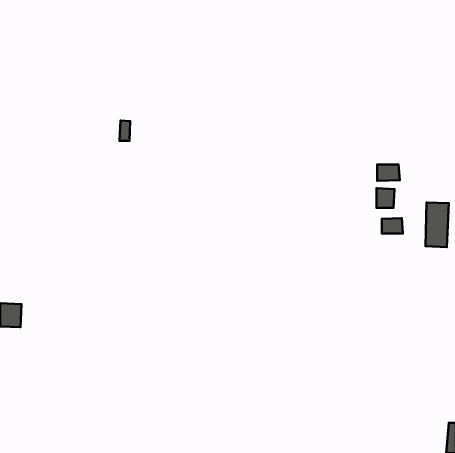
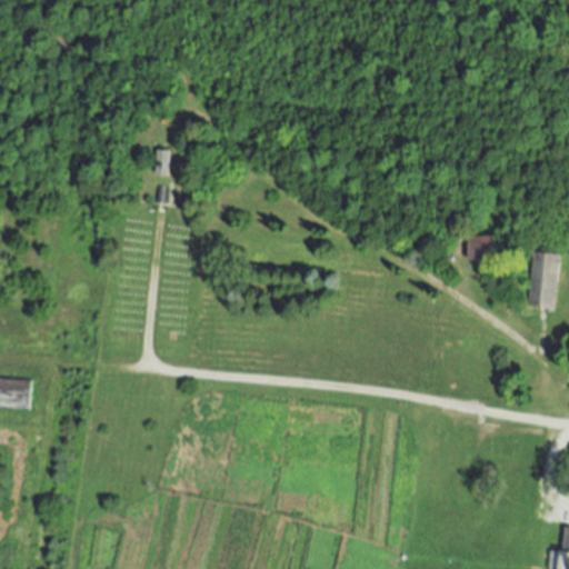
building: [377,165,400,181] -> none
building: [382,218,403,233] -> none

